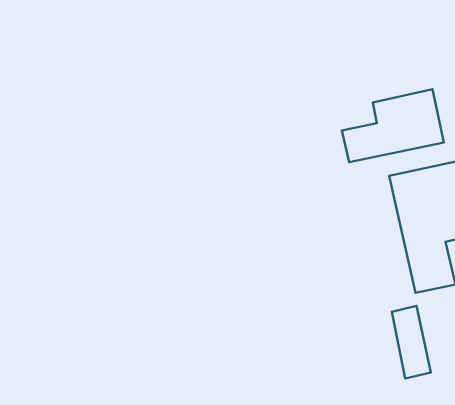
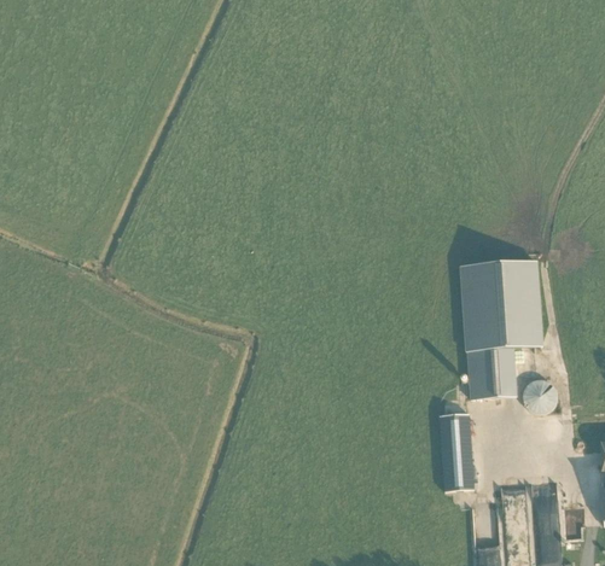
building: [342,89,444,162] -> none

